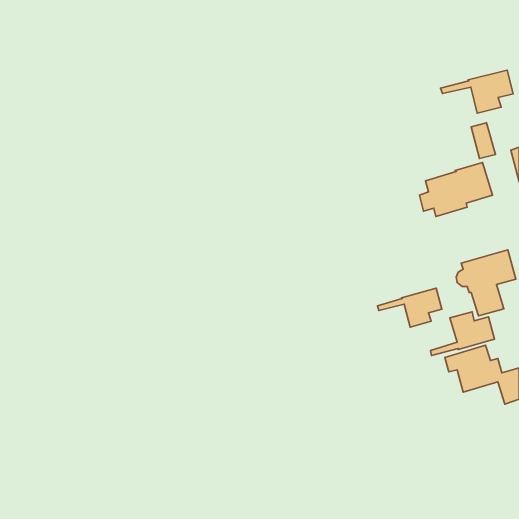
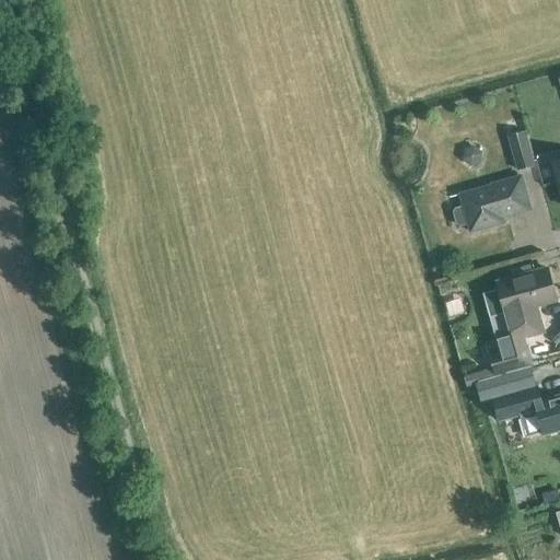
building: [441,70,513,113] -> none
building: [377,288,442,327] -> none

